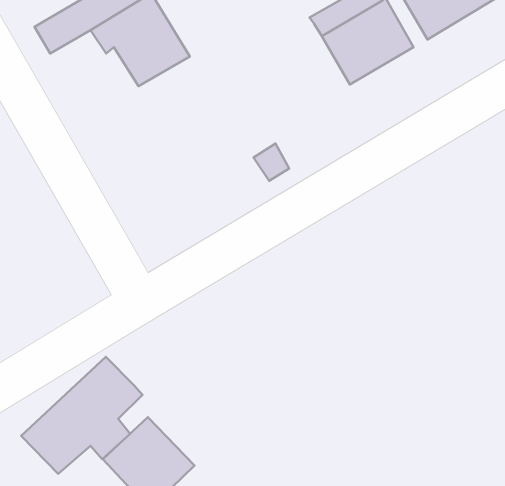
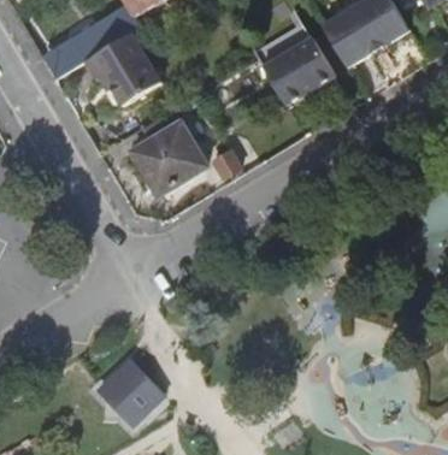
building: none -> [131,108,206,193]
building: [21,357,143,474] -> none

